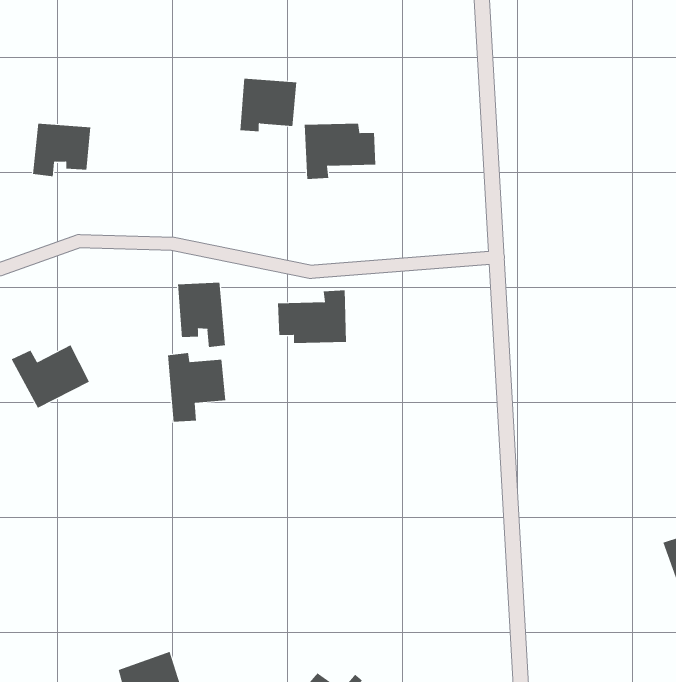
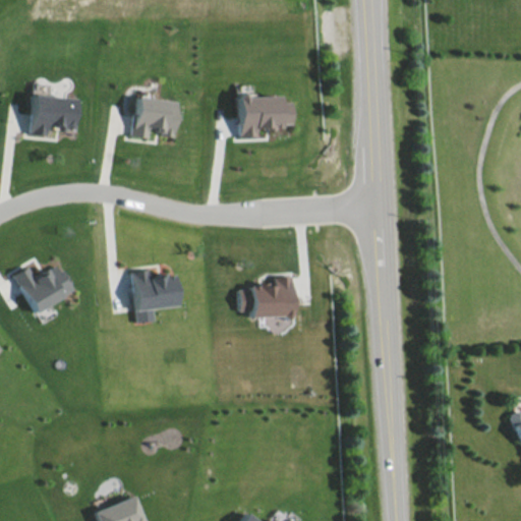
building: [240,78,297,132] -> [133,98,177,138]
building: [177,282,225,348] -> none
building: [277,290,347,343] -> [239,277,292,317]

